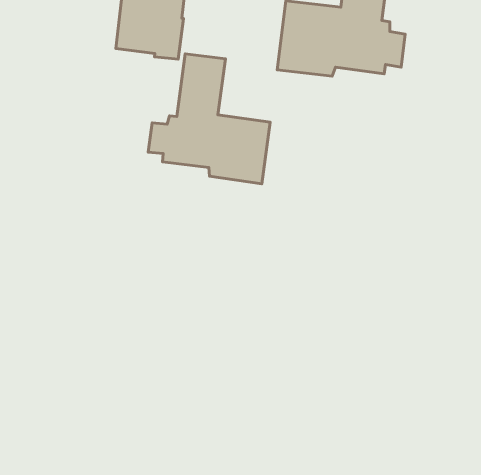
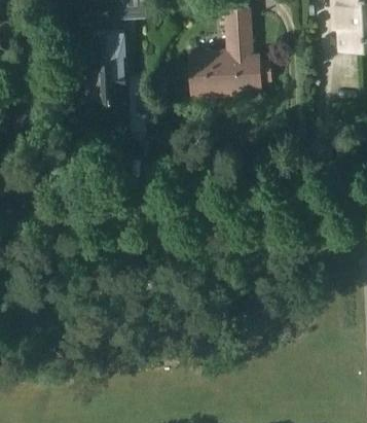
building: [148,54,270,184] -> none

